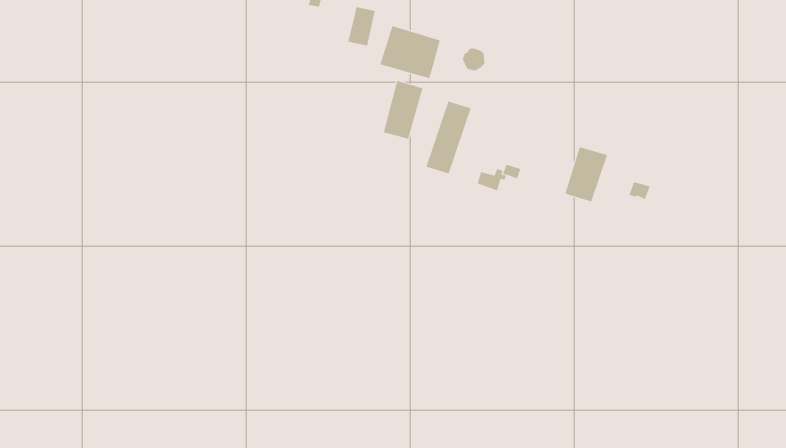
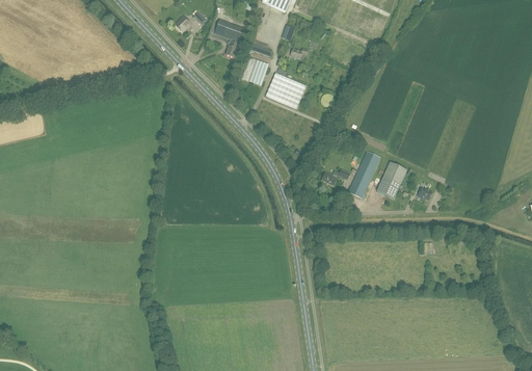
building: [383,80,423,140] -> none
building: [425,101,472,174] -> [348,150,381,196]

